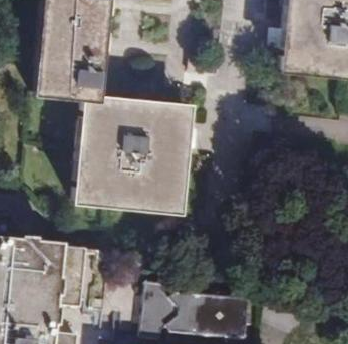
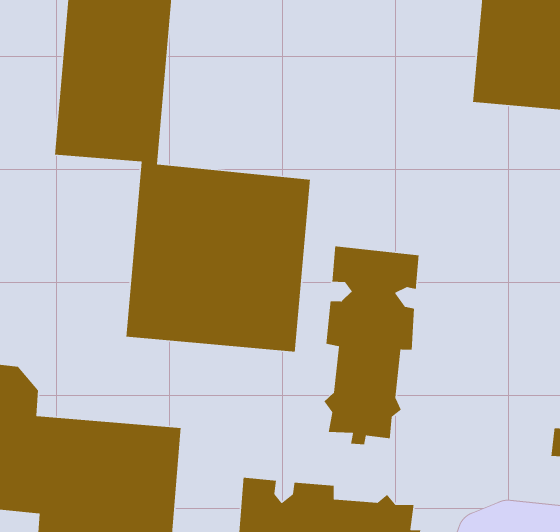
building: none -> [324,245,419,445]

